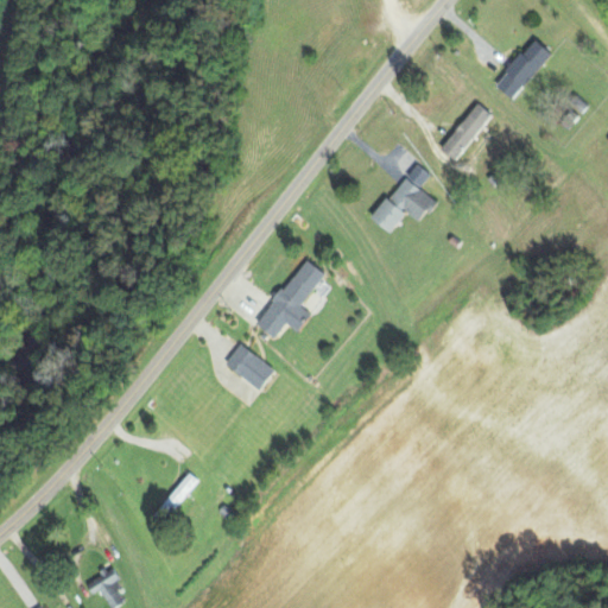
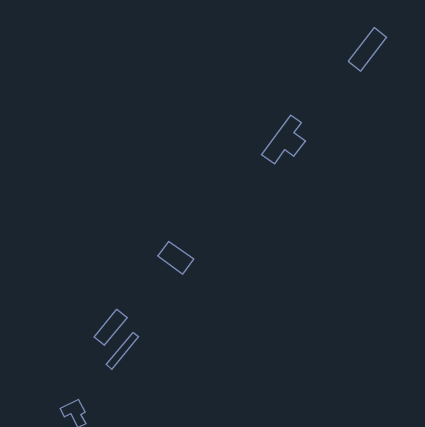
building: [439,104,492,160] -> none
building: [258,258,324,337] -> none
building: none -> [94,309,127,345]

